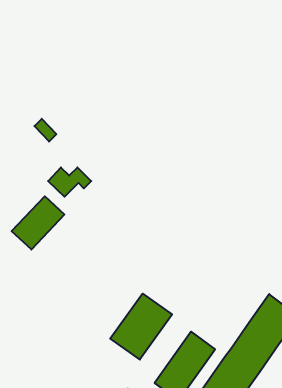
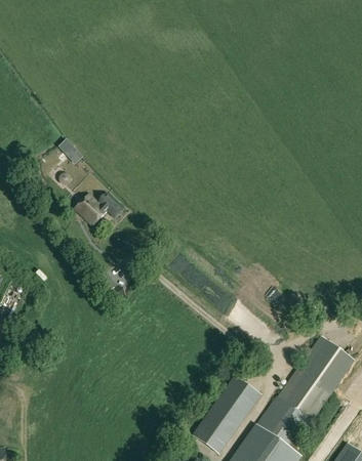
building: [12,196,64,250] -> none
building: [110,294,172,360] -> none

